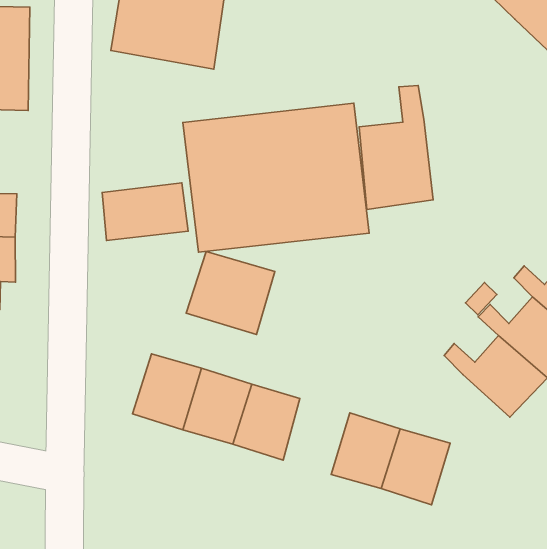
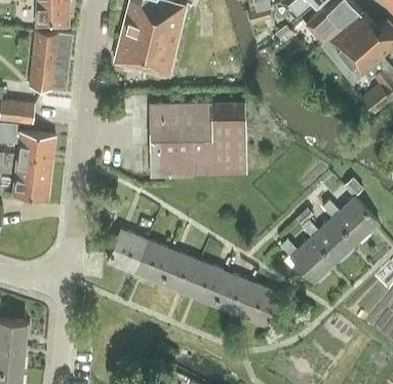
building: [359,86,433,209] -> none
building: [102,183,188,240] -> none
building: [186,251,275,335] -> none
building: none -> [188,262,227,305]

